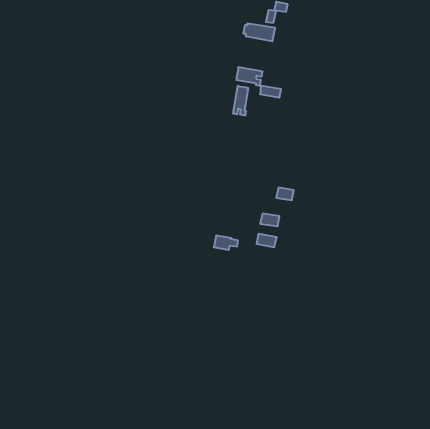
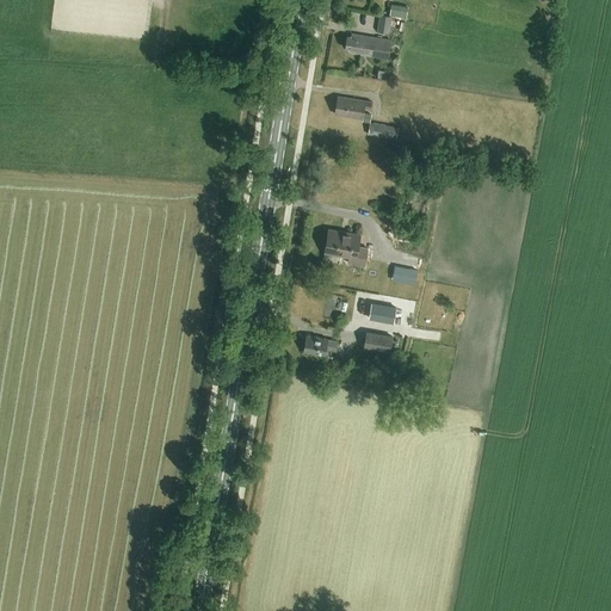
building: [233,86,248,116] -> none
building: none -> [325,229,368,265]

